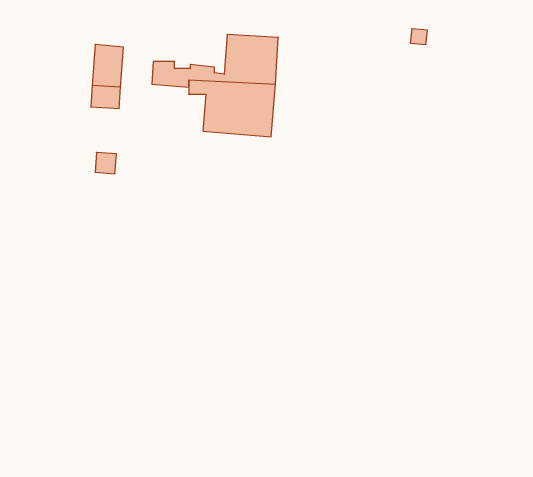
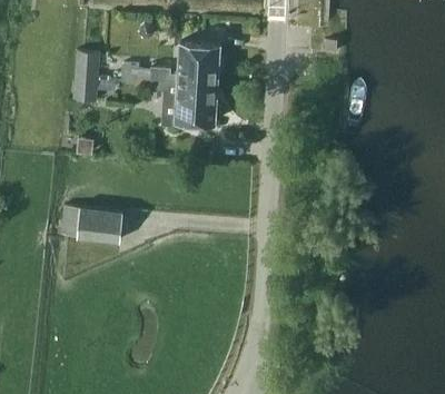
building: none -> [61,207,122,243]

